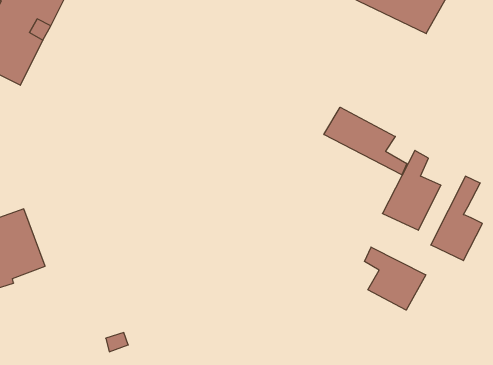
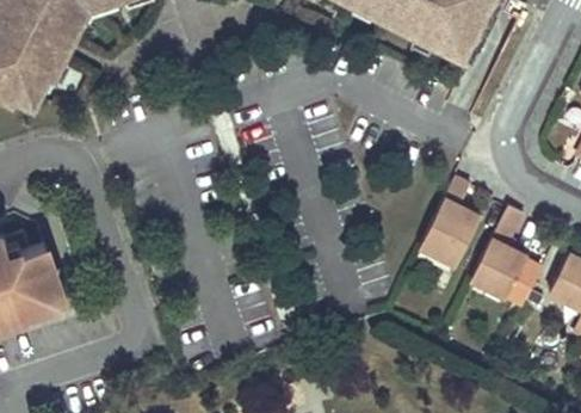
building: [324,107,407,175] -> none
building: [365,247,426,310] -> none

